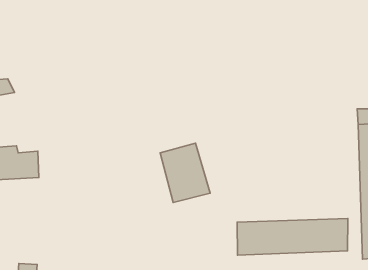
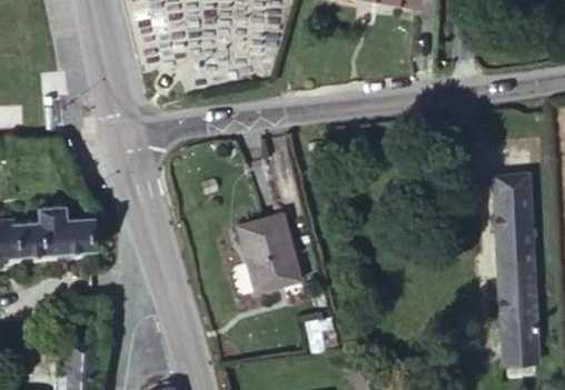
building: [237,219,348,255] -> none

